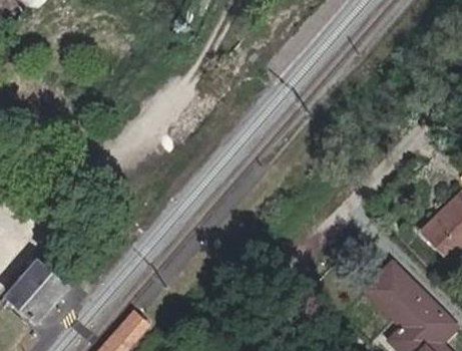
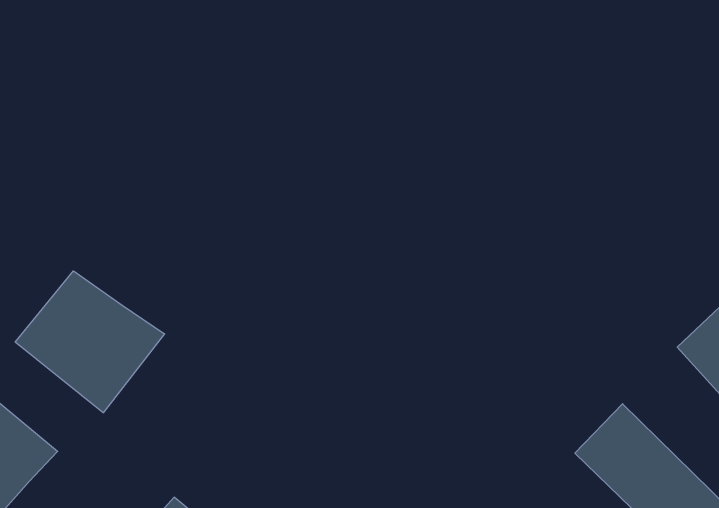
building: none -> [15,271,165,413]

